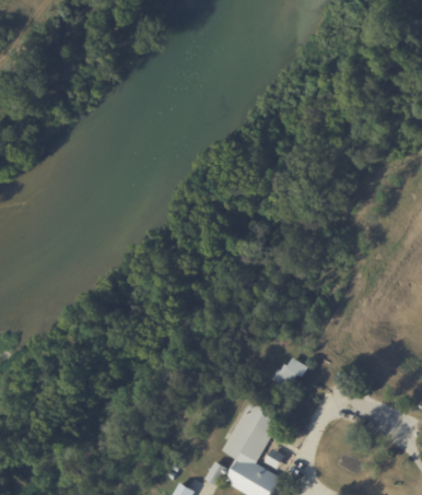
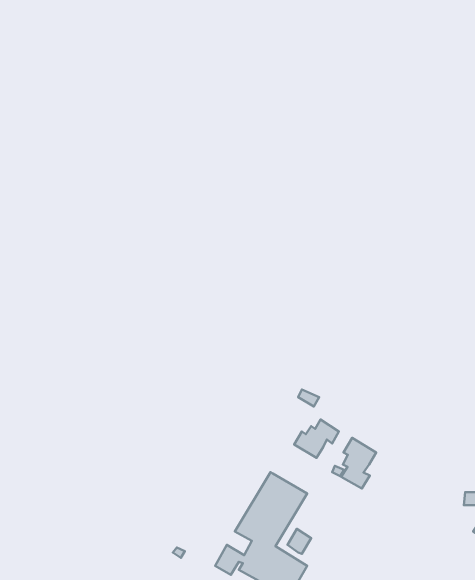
building: none -> [341,438,376,488]

